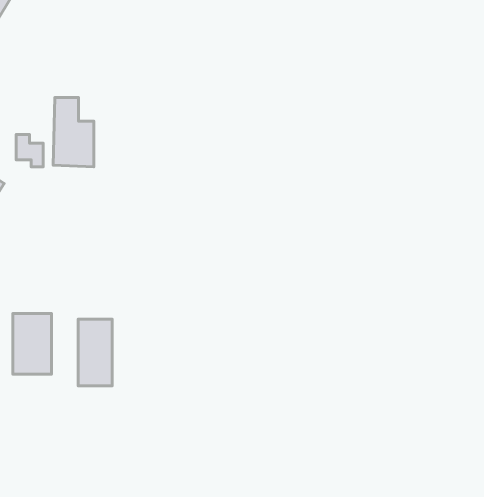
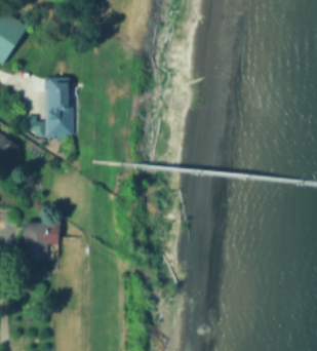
building: [78,319,112,386] -> none

